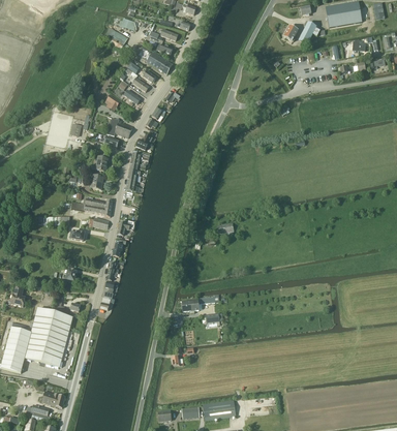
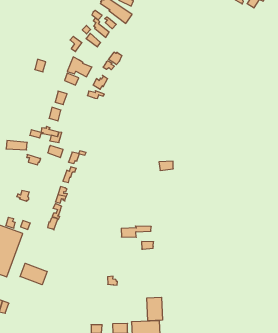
building: none -> [20,263,47,285]
building: none -> [147,297,162,321]

